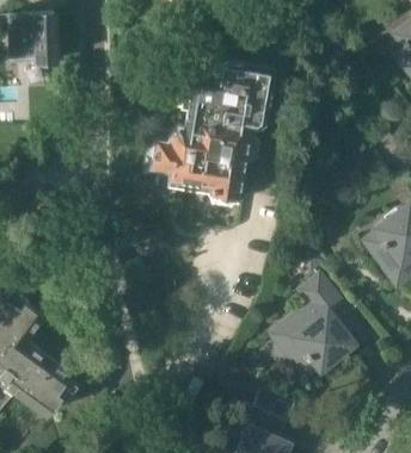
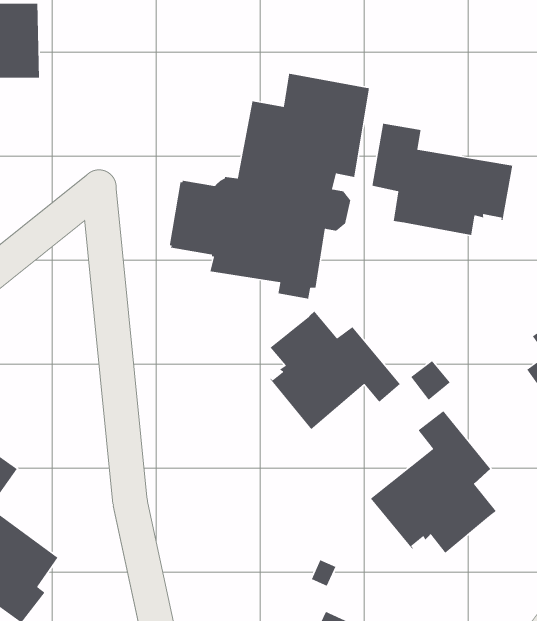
building: none -> [371,123,513,236]
building: none -> [269,311,401,430]

